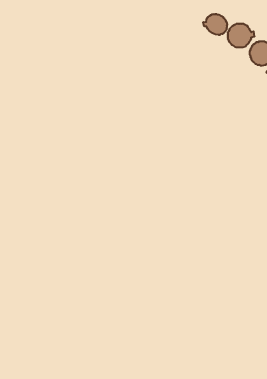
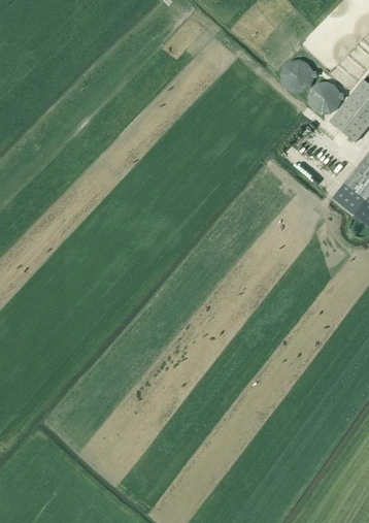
building: [203,14,227,35] -> none

